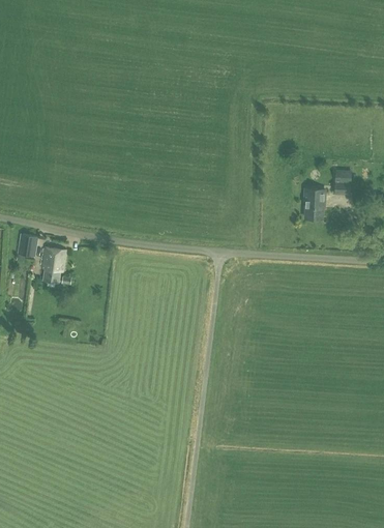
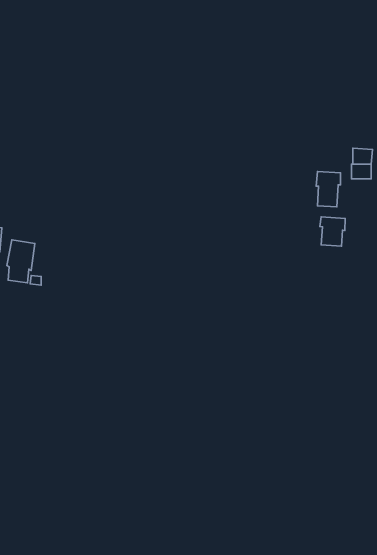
building: none -> [320,217,345,246]

